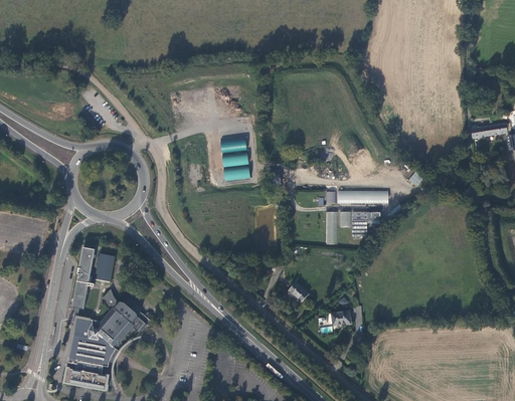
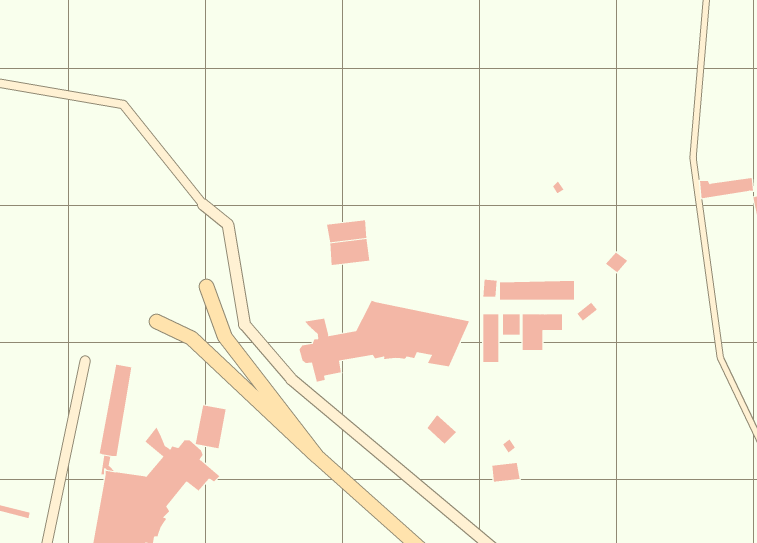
building: none -> [299,299,470,383]
building: [94,253,115,282] -> [195,405,227,449]

